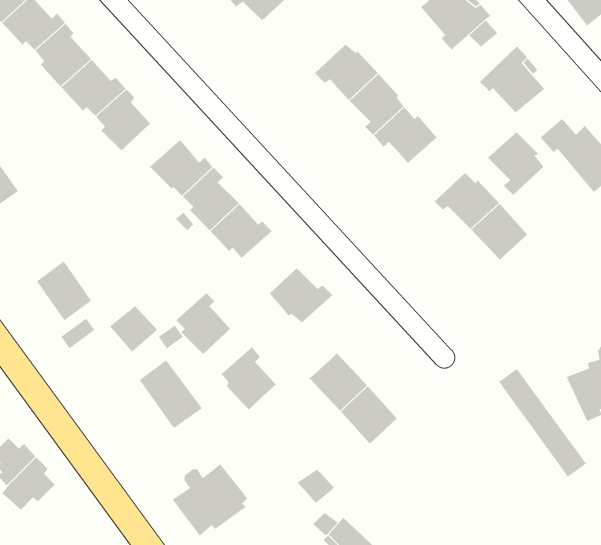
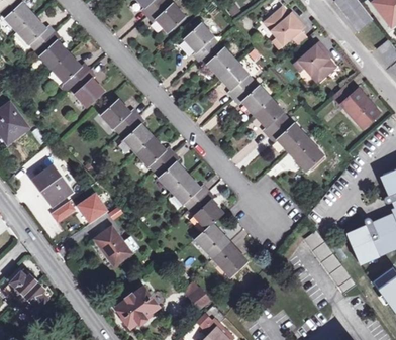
building: none -> [184,23,216,60]
building: [487,132,544,196] -> [253,97,286,134]
building: [175,292,231,355] -> [156,151,188,188]
building: [221,346,277,410] -> [191,189,223,226]

